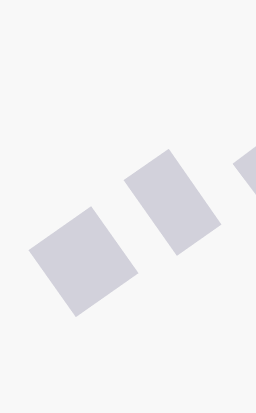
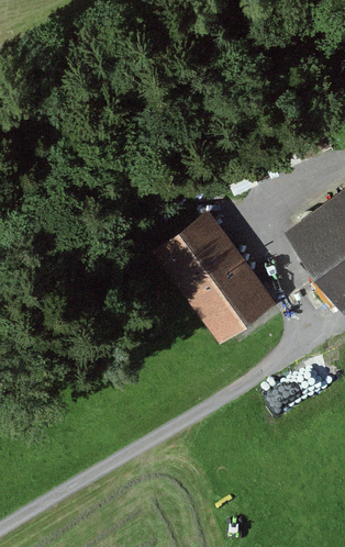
building: [28,205,140,318] -> none

